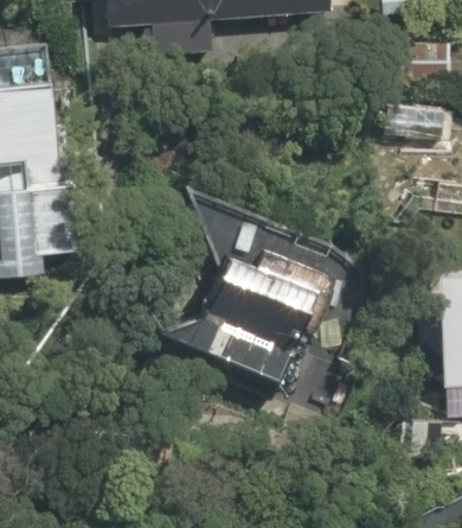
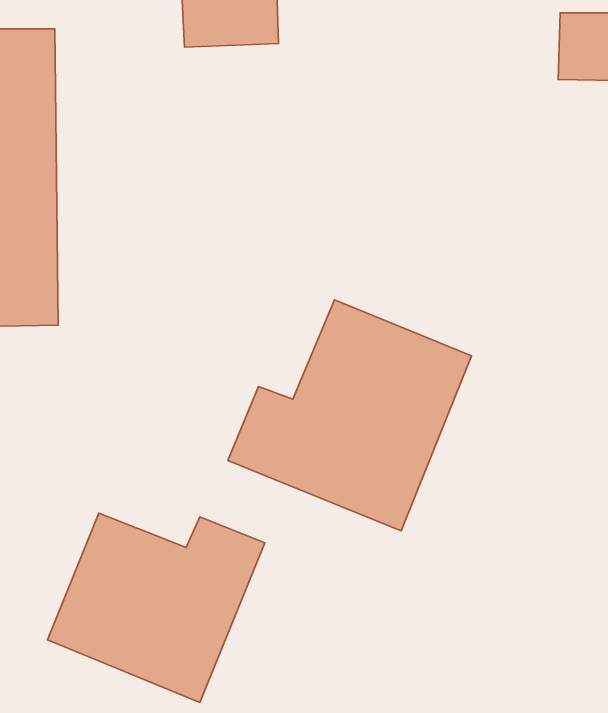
building: none -> [48,513,265,702]

